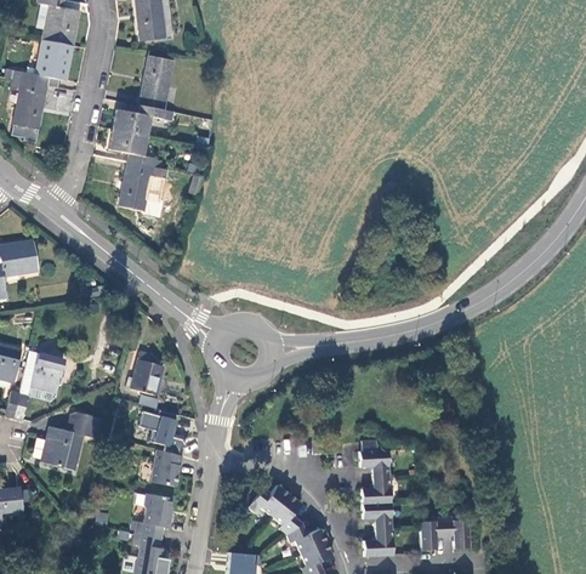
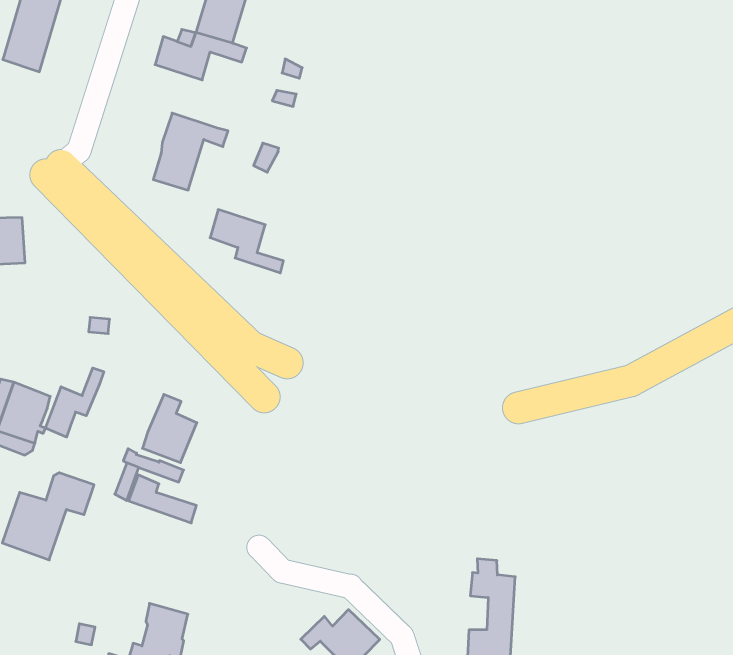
building: [110,129,161,167] -> [210,210,283,273]
building: none -> [45,368,104,437]
building: [149,448,180,485] -> none

